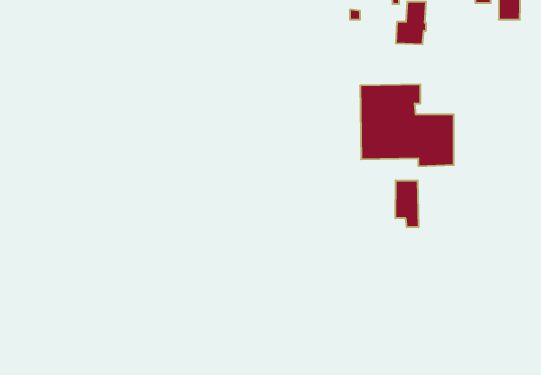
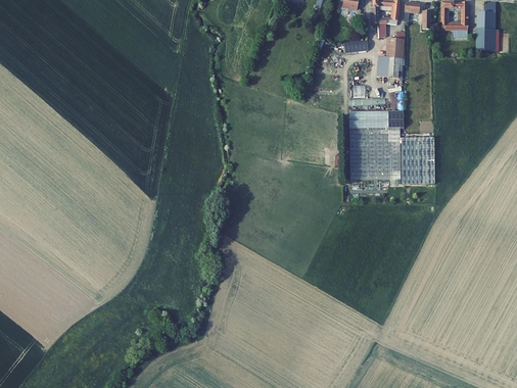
building: [395,180,418,227] -> none

